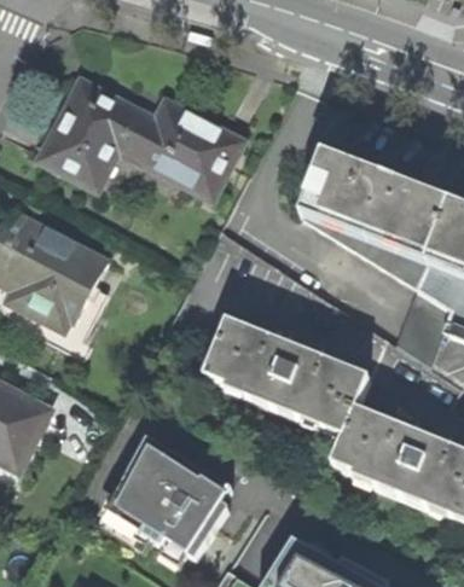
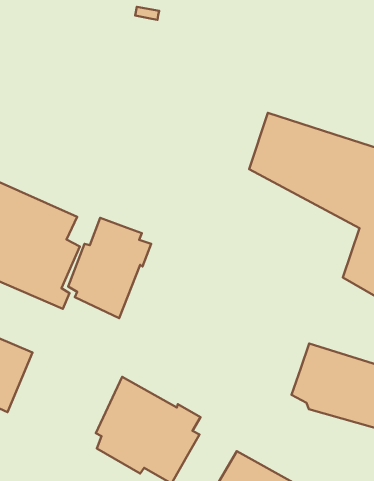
building: [39,76,243,196] -> none
building: none -> [68,218,151,318]
building: [207,319,369,436] -> none

